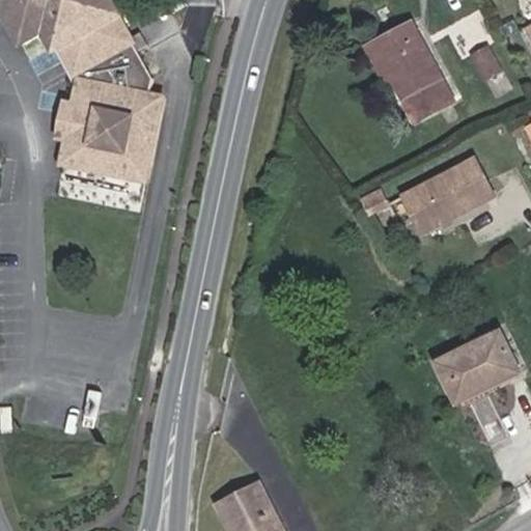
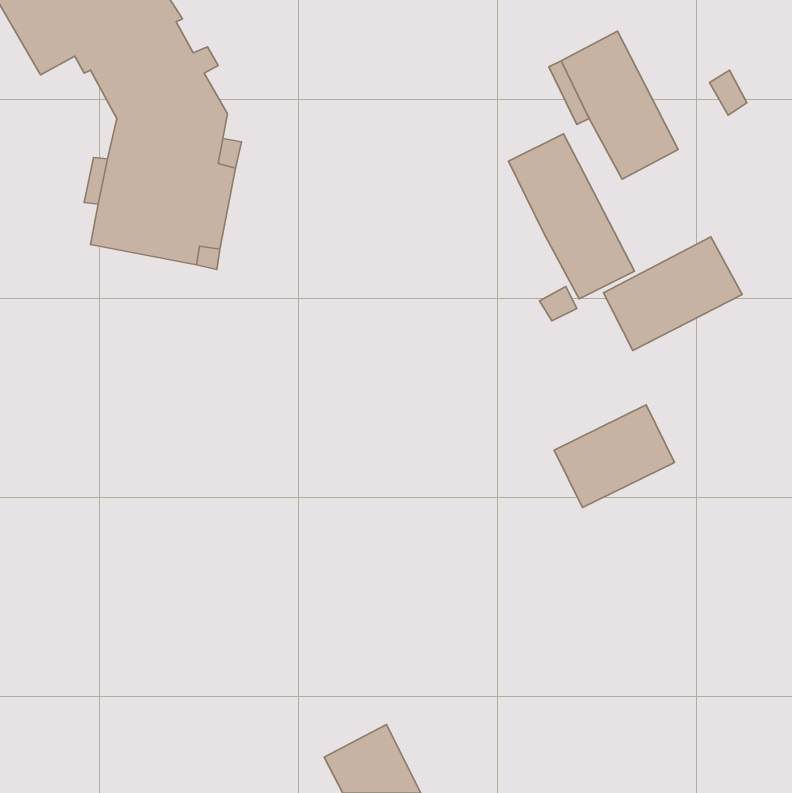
building: none -> [508,134,634,299]
building: [437,331,516,399] -> [554,405,674,508]

